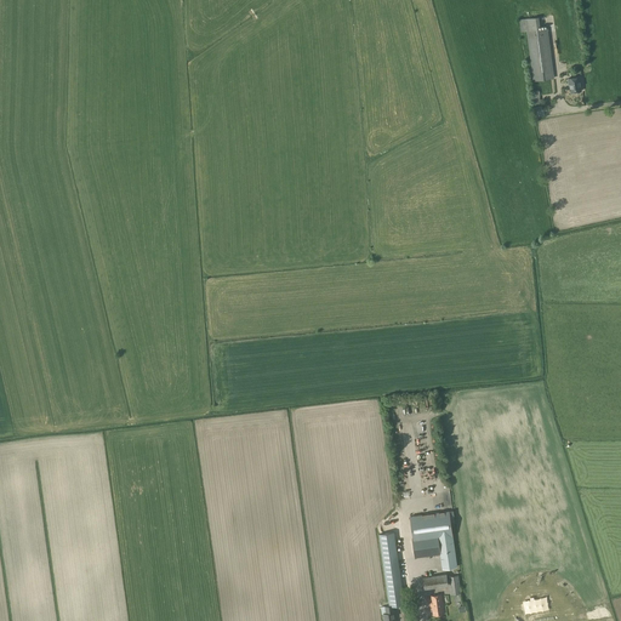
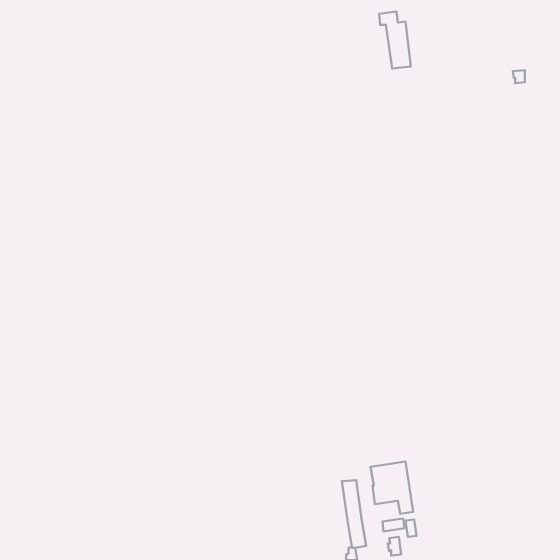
building: [519,17,554,80] -> [379,12,411,69]

